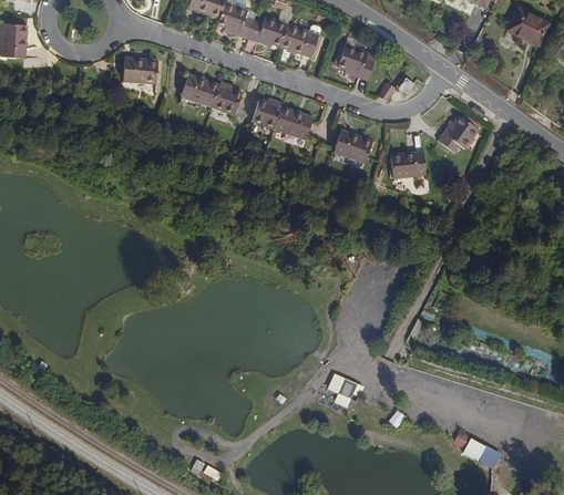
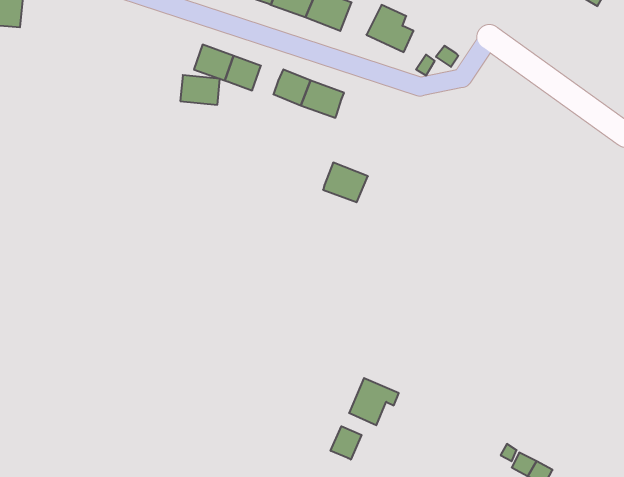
building: [122,58,157,84] -> [180,75,220,105]
building: [438,114,478,157] -> none
building: [334,127,373,163] -> [323,163,368,202]
building: [390,149,425,178] -> none
building: none -> [331,426,362,460]

